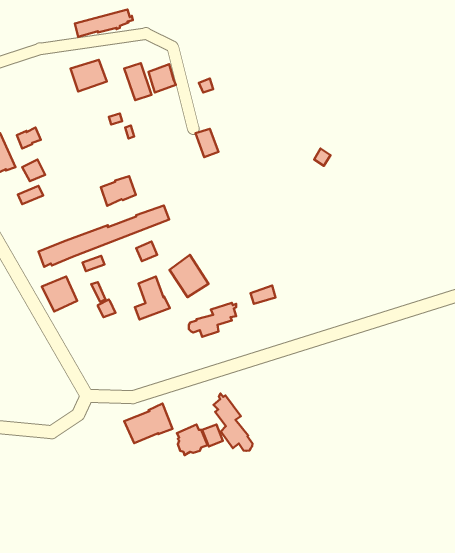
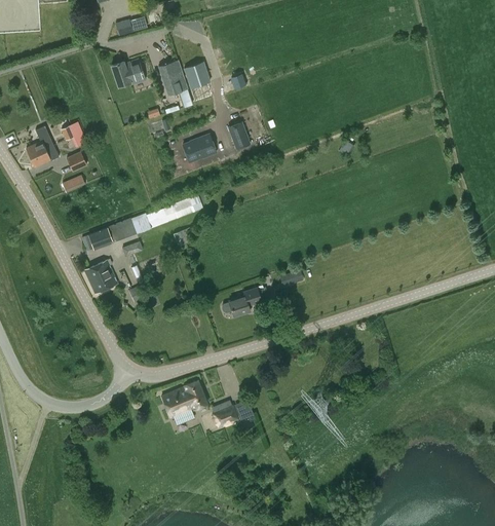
building: [101,176,136,206] -> [183,135,216,162]
building: [170,255,208,297] -> none
building: [135,277,170,320] -> none
building: [214,393,252,451] -> none

